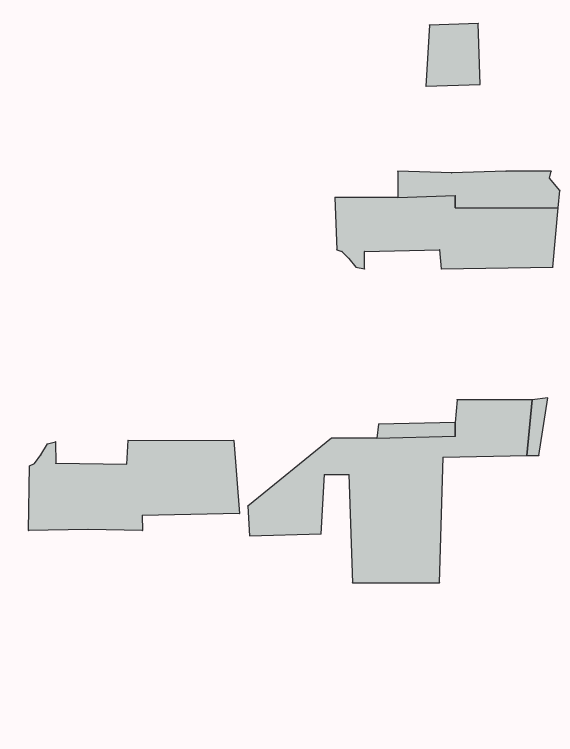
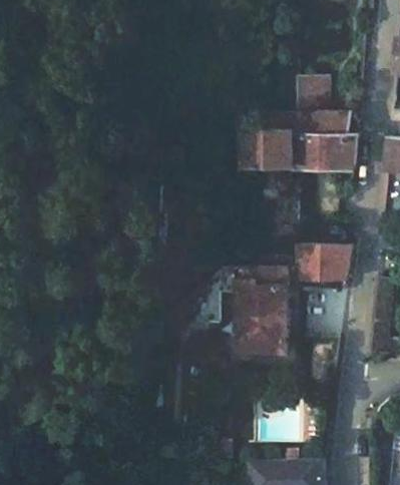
building: [426,23,480,86] -> [296,80,327,116]
building: [29,440,239,531] -> none

